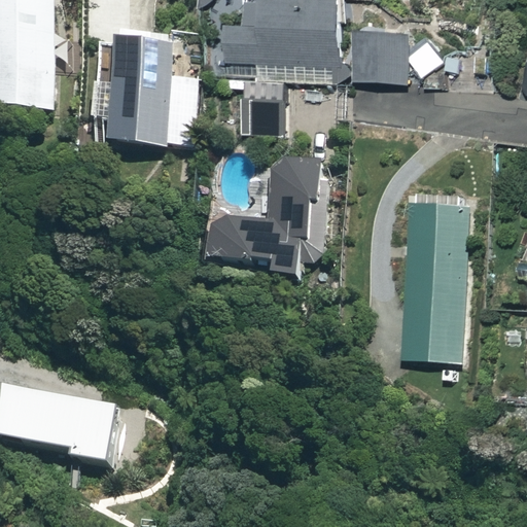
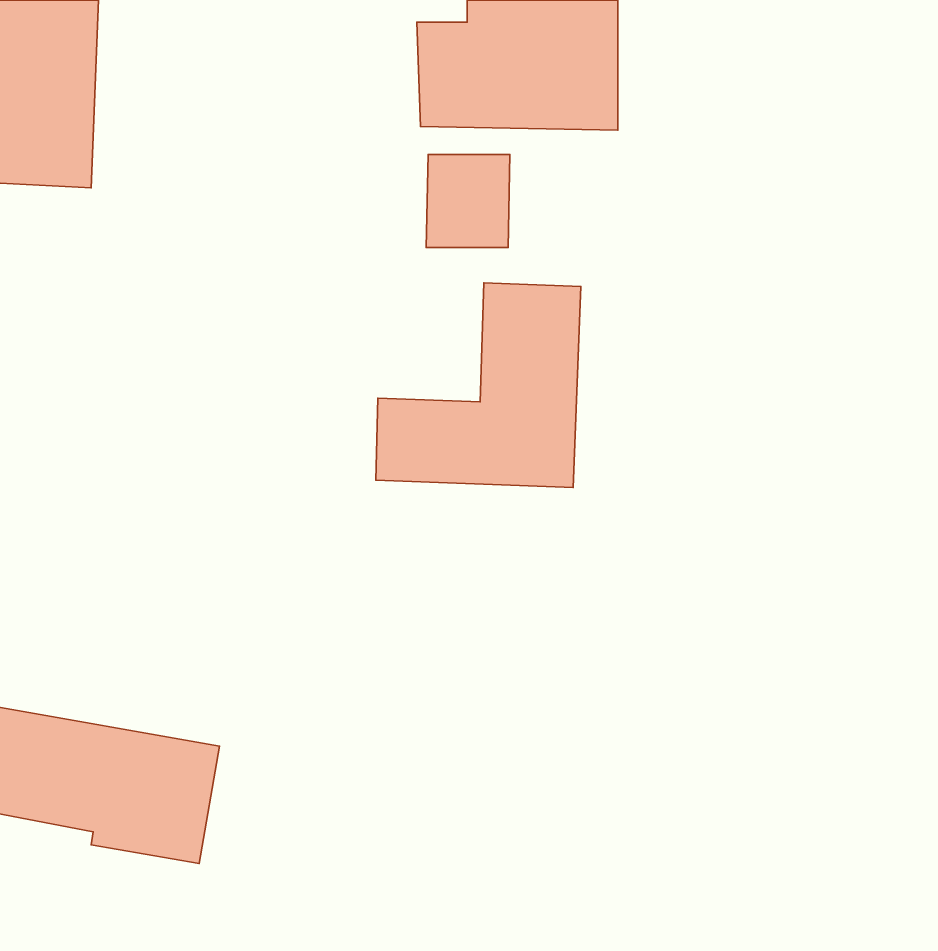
building: [354,24,411,80] -> none
building: [108,28,183,145] -> none
building: [399,191,471,356] -> none

